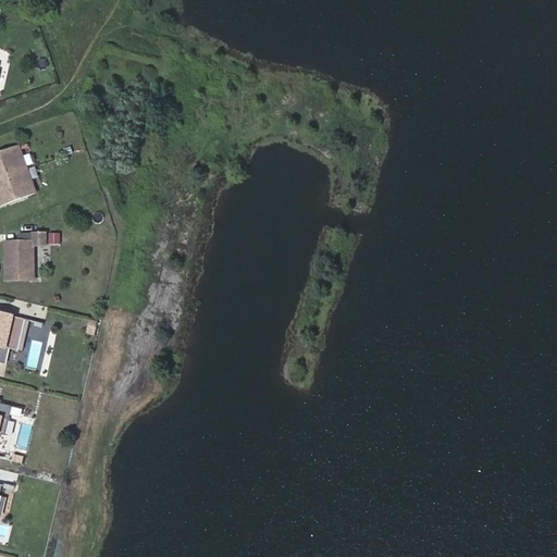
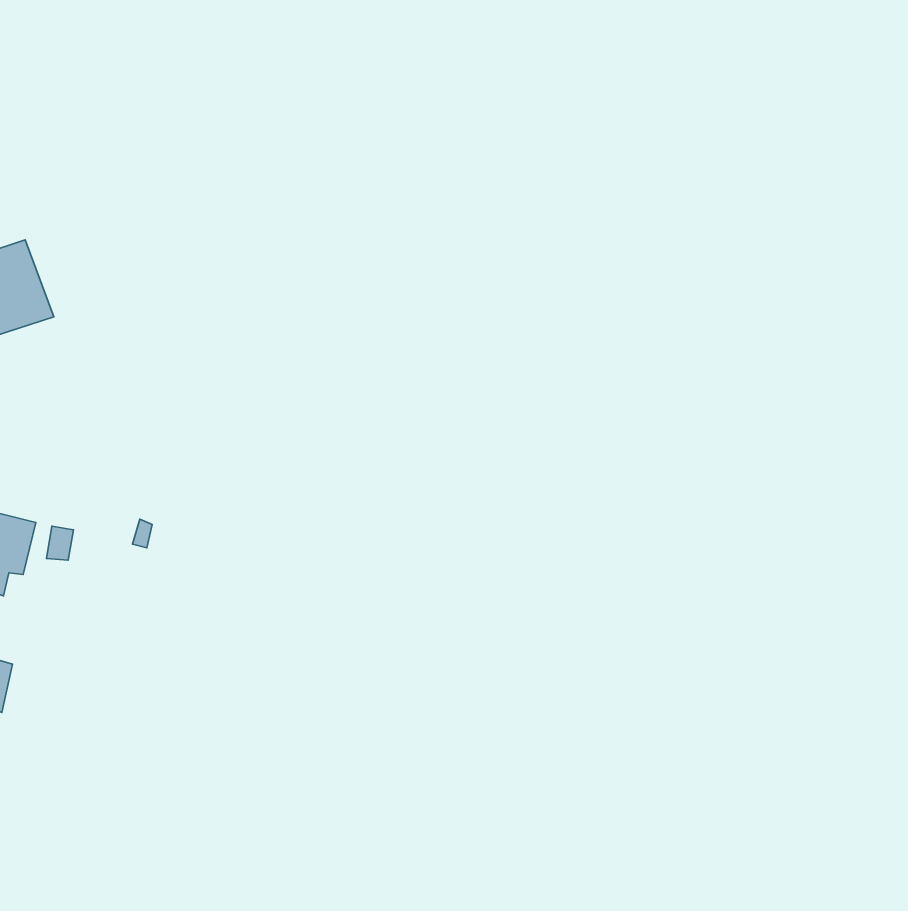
building: [5,232,46,278] -> none

